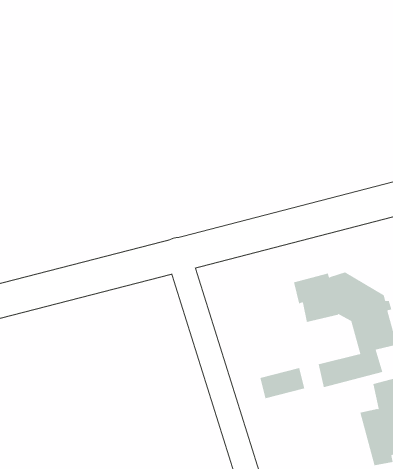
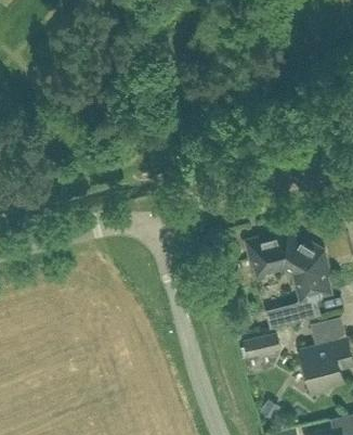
building: [260,368,305,399] -> [243,333,280,359]

